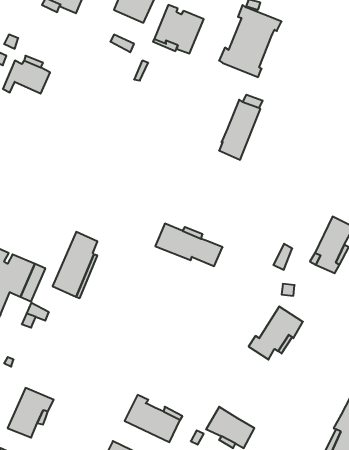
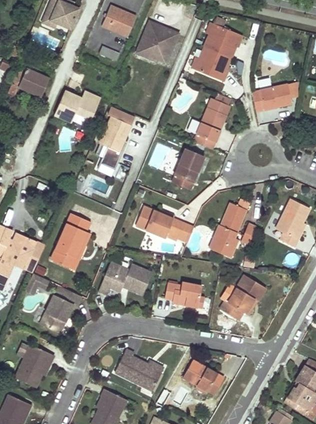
building: none -> [250,86,296,115]
building: none -> [55,90,101,122]
building: none -> [100,117,130,170]
building: none -> [170,151,202,193]
building: none -> [206,205,244,258]
building: none -> [100,262,154,295]
building: none -> [166,280,204,307]
building: none -> [40,287,82,334]

